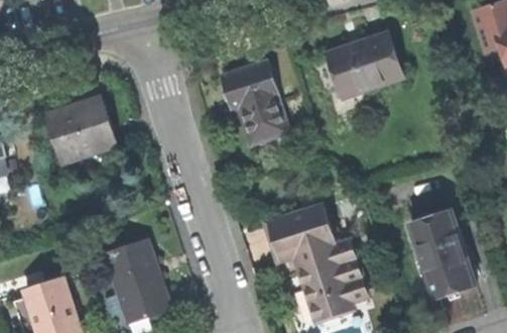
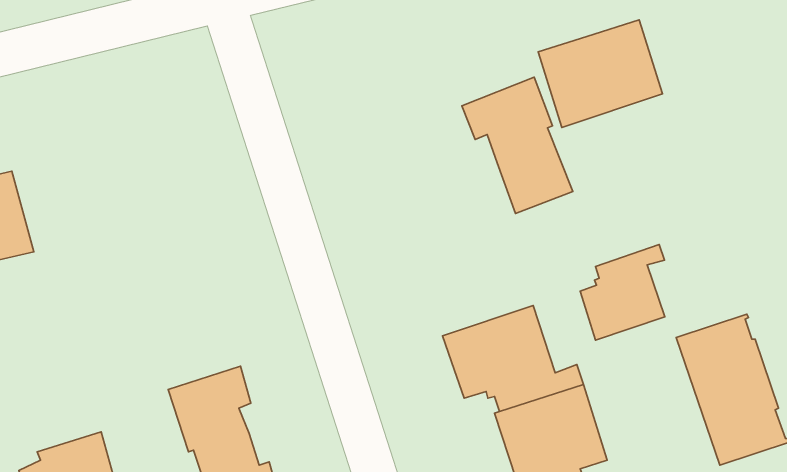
building: [219,64,285,145] -> [462,77,573,213]
building: [46,97,115,162] -> none
building: none -> [580,244,665,340]

